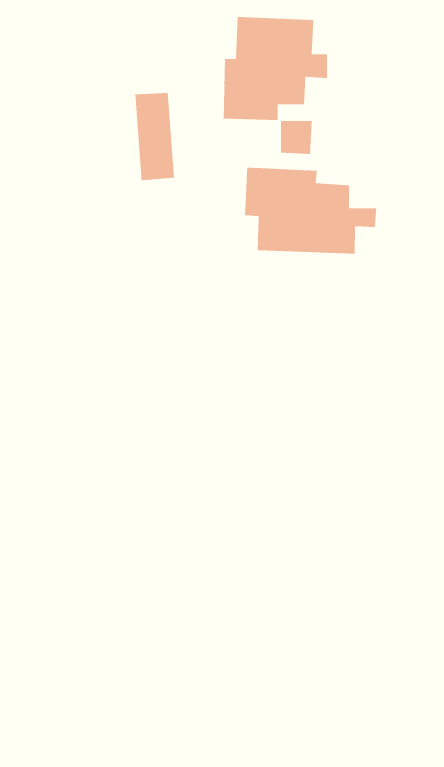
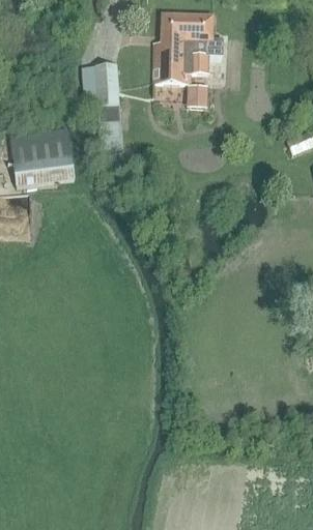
building: [244,167,377,254] -> none
building: none -> [8,127,74,185]

